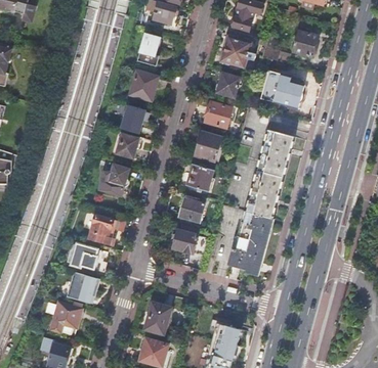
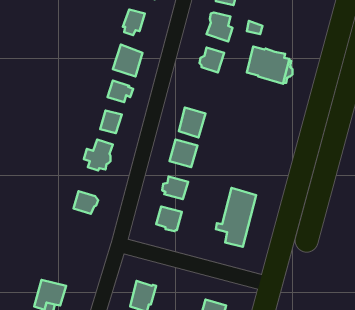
building: [292,30,317,56] -> none
building: [204,102,232,129] -> none
building: [247,129,293,219] -> none
building: [67,244,103,271] -> none
building: [67,272,100,304] -> none

